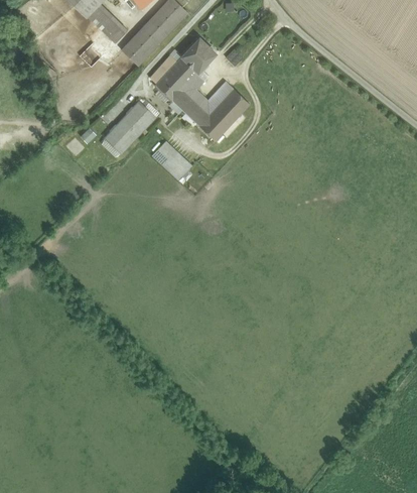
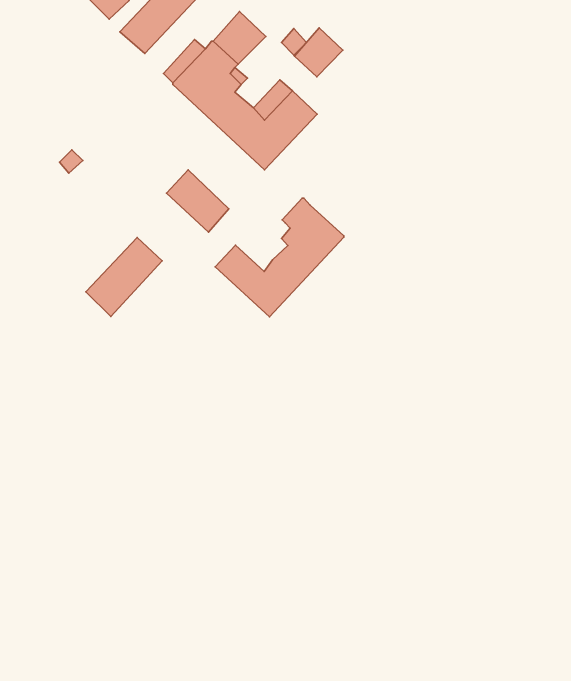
building: none -> [294,28,343,77]
building: [105,102,154,153] -> [86,237,162,317]
building: none -> [215,198,344,317]

